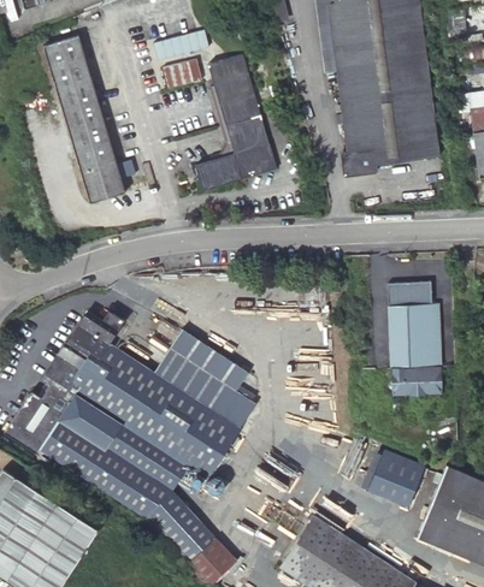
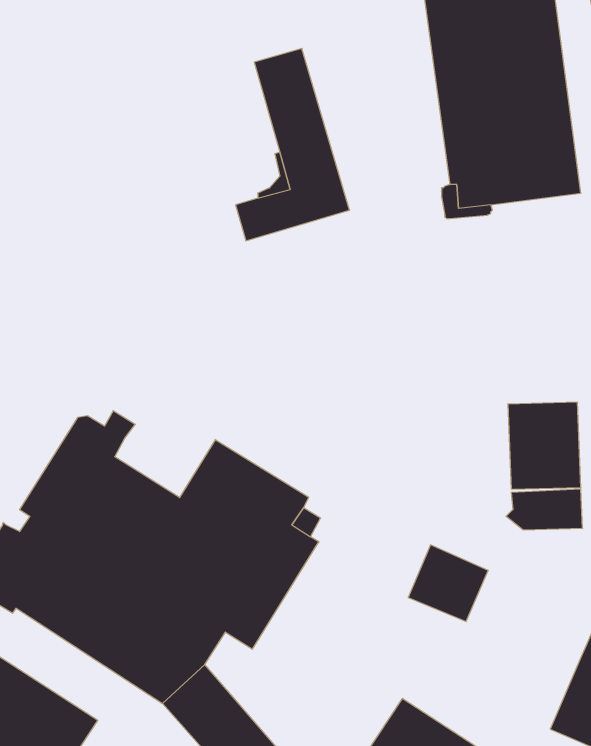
building: [149,25,207,58] -> none
building: [43,35,124,202] -> none
building: [161,59,202,89] -> none
building: [386,281,431,304] -> none
building: [367,449,424,503] -> [408,545,488,621]

